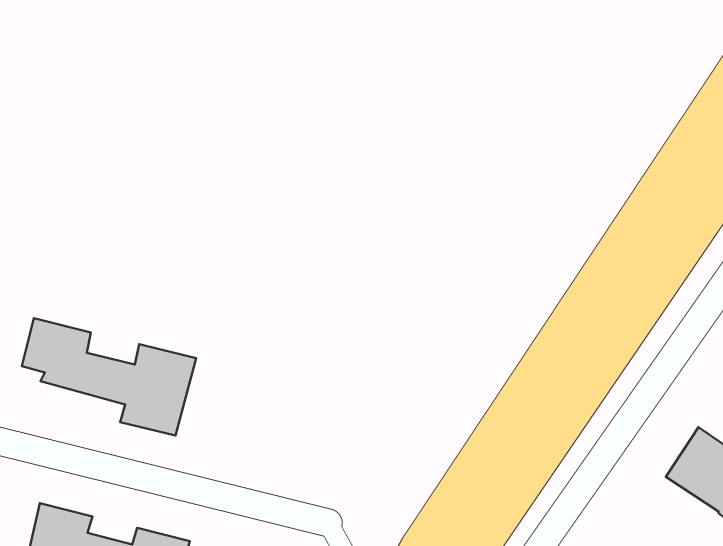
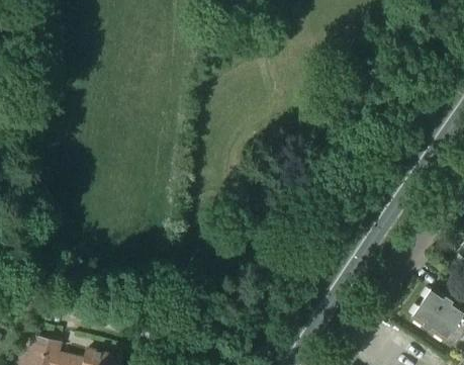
building: [22,318,196,436] -> none

